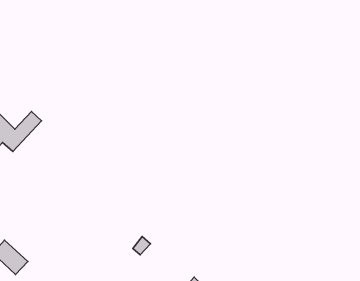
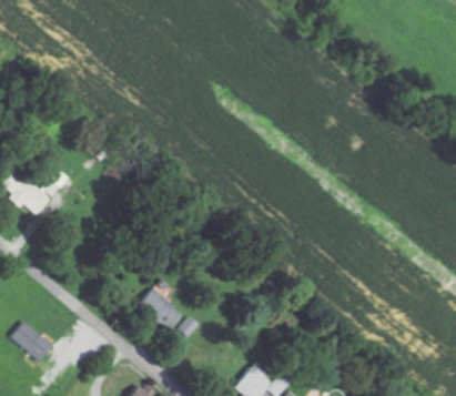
building: none -> [136,287,181,332]

